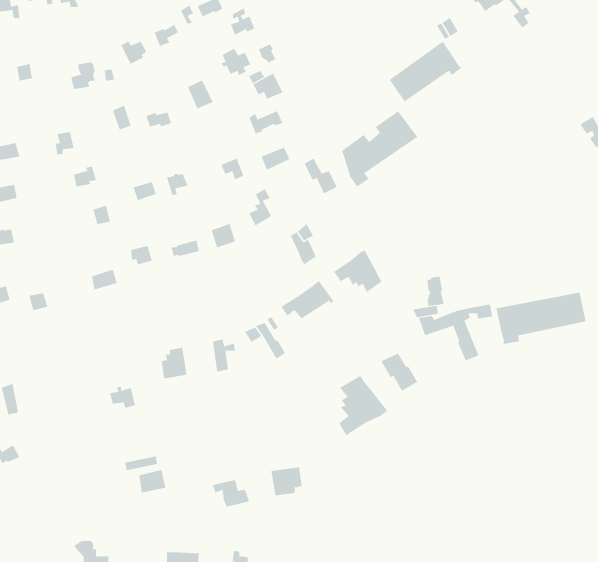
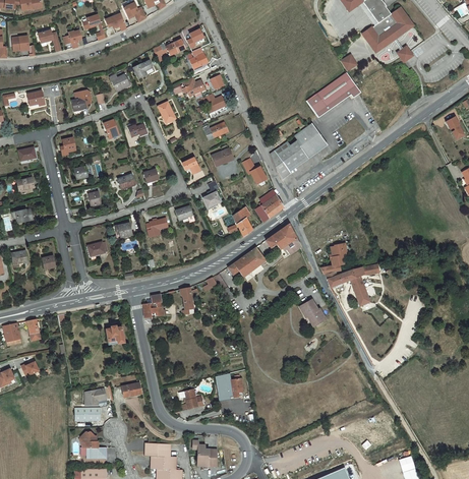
building: none -> [256,189,285,222]
building: [496,292,586,345] -> none
building: [339,376,388,436] -> none
building: none -> [72,393,105,425]

